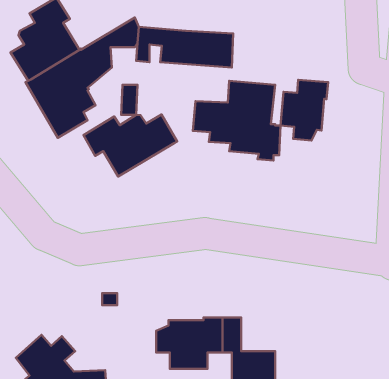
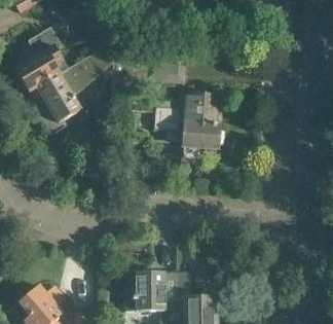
building: [280,80,328,140] -> none
building: [83,114,177,176] -> none

